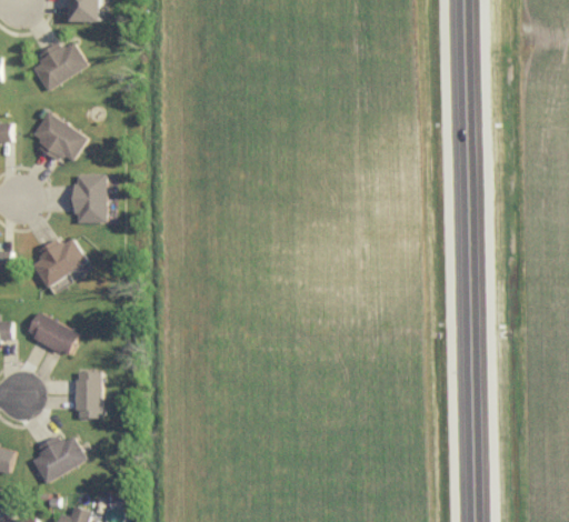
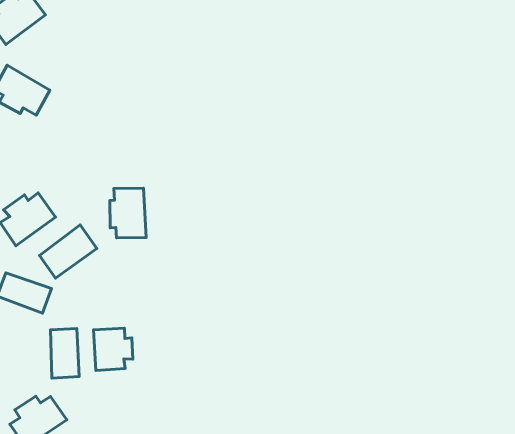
building: [71,174,106,223] -> [110,188,146,238]
building: none -> [39,225,97,278]
building: none -> [94,328,133,371]

